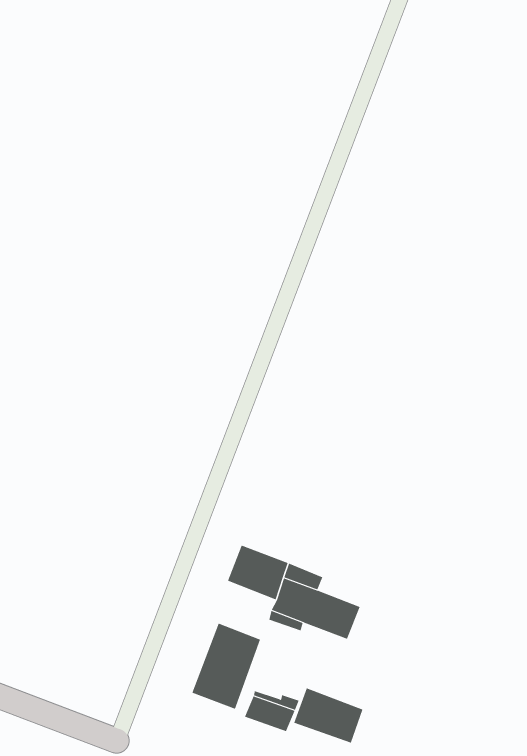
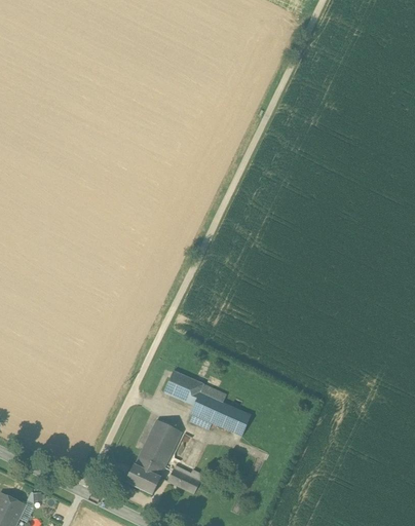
building: [294,688,363,744] -> none
building: none -> [126,462,162,494]

